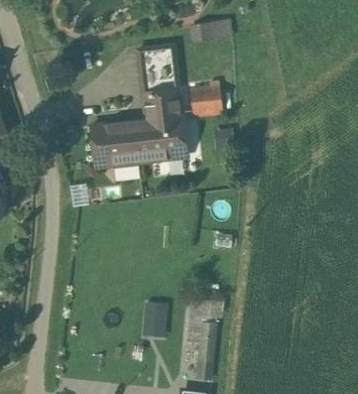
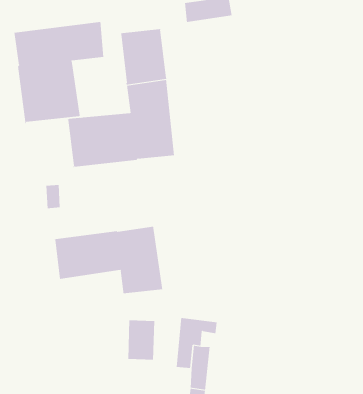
building: none -> [14,21,104,124]
building: [191,87,223,116] -> none
building: none -> [53,226,163,294]

